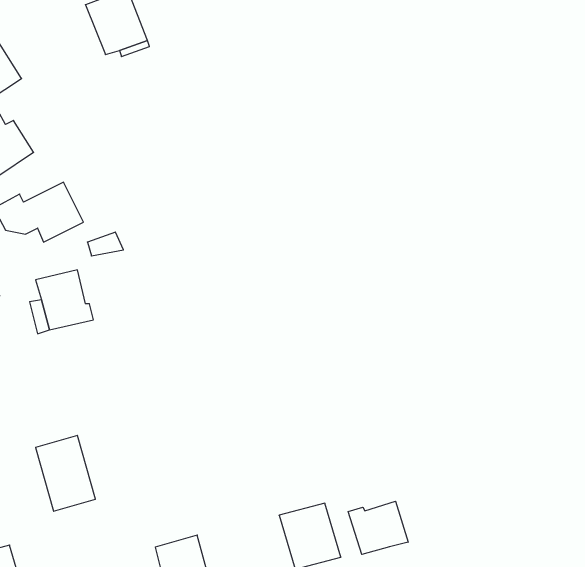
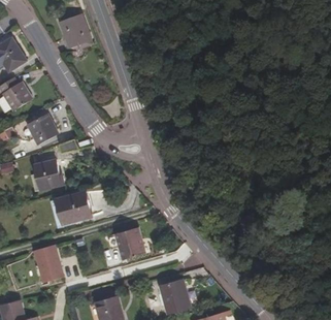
building: none -> [57,191,93,225]
building: none -> [115,227,145,259]
building: [348,501,408,554] -> none

